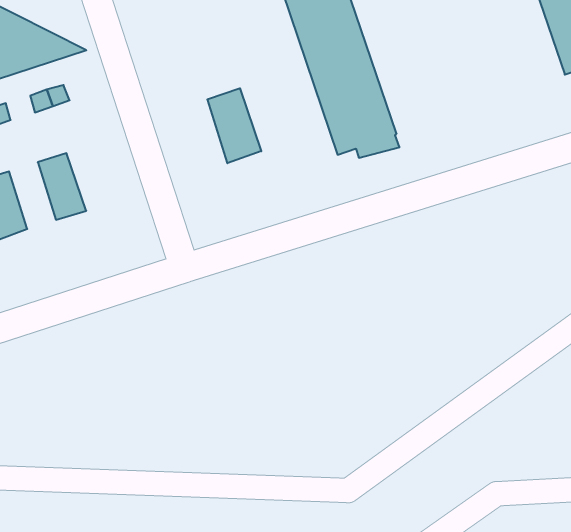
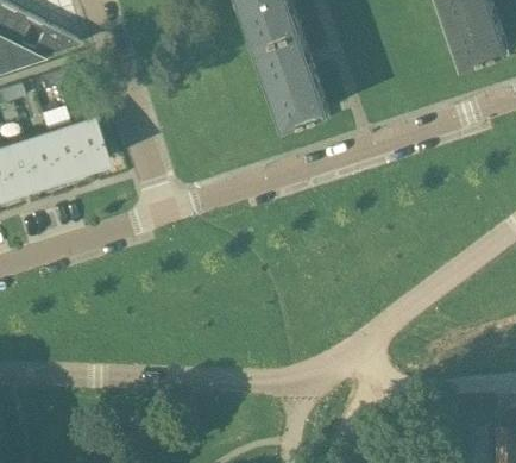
building: [207,88,261,163] -> none
building: none -> [67,115,106,170]
building: none -> [21,132,58,184]

